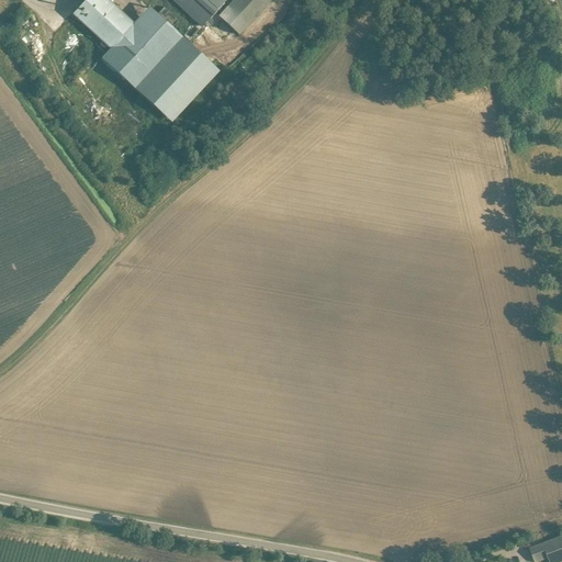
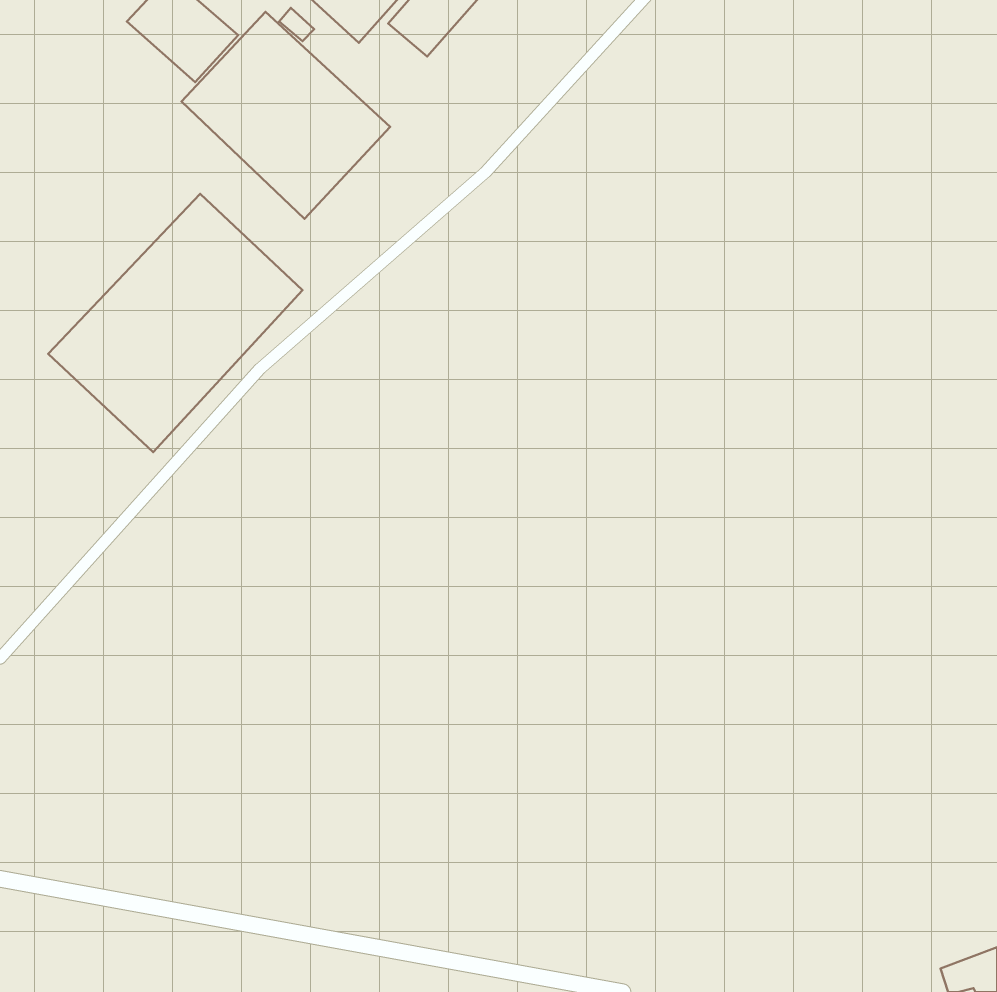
building: none -> [48,194,303,452]

